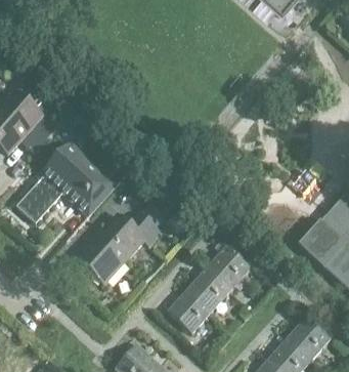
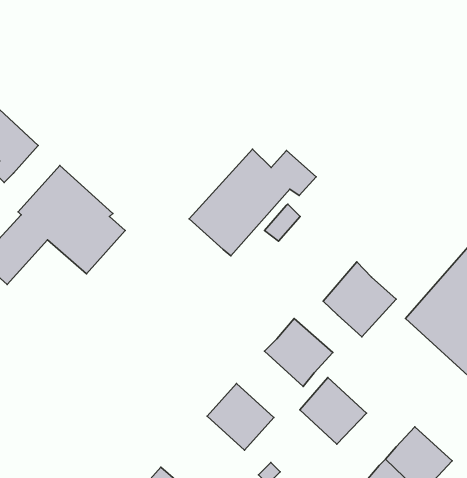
building: none -> [323,262,396,337]
building: [76,214,160,285] -> [189,149,316,256]
building: [186,267,230,312] -> [300,377,366,444]

